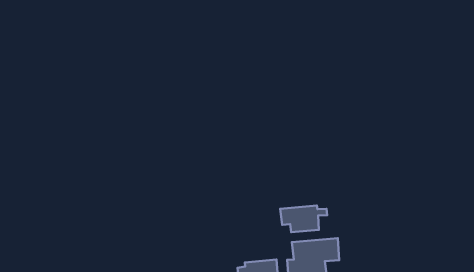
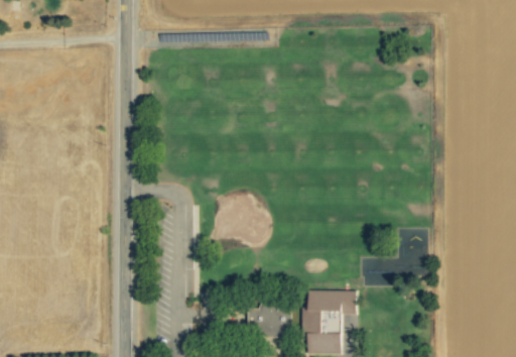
building: [280,205,327,232] -> none

